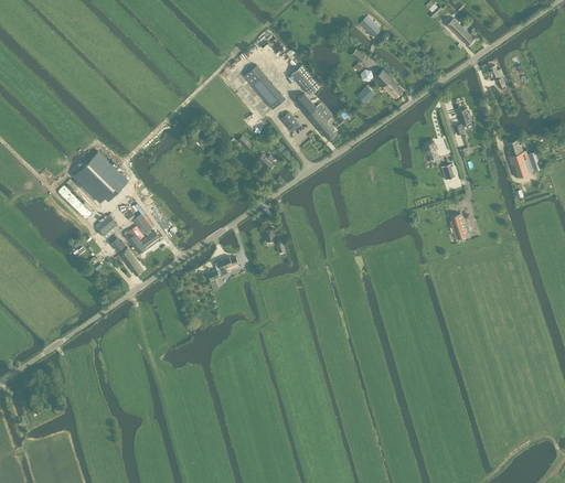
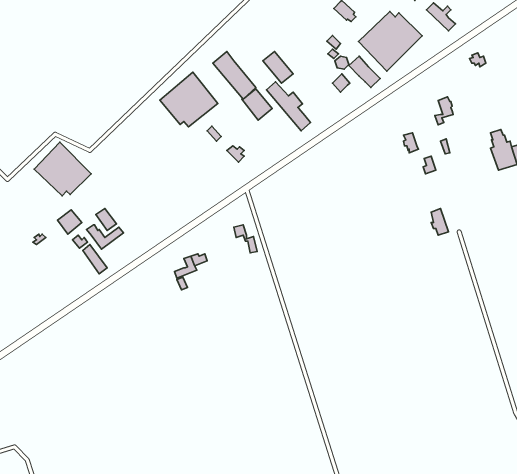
building: none -> [359,12,422,71]
building: none -> [160,72,218,127]

